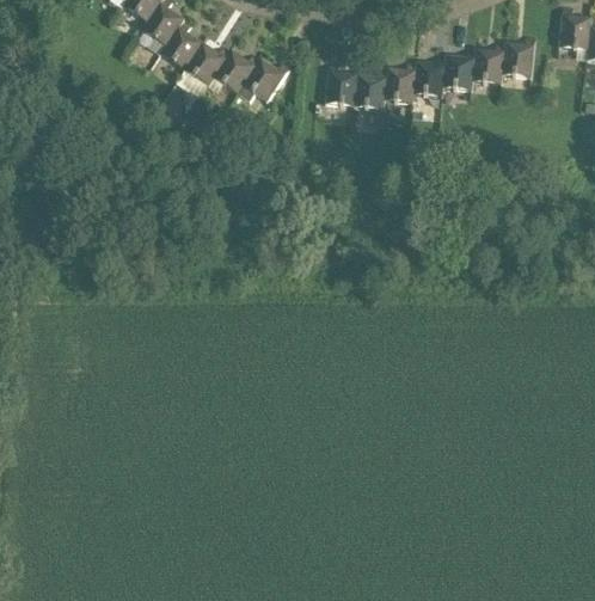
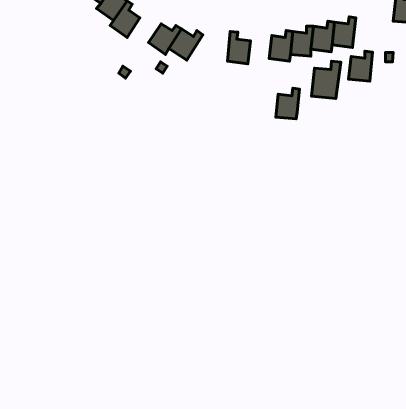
building: [502,33,535,75] -> [349,51,372,81]
building: [184,41,232,84] -> none
building: [354,65,387,108] -> [276,88,300,119]
building: none -> [311,61,341,98]

